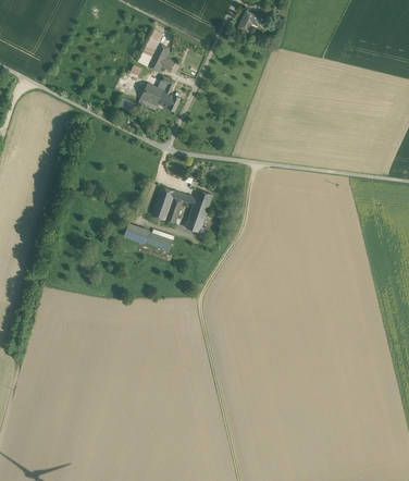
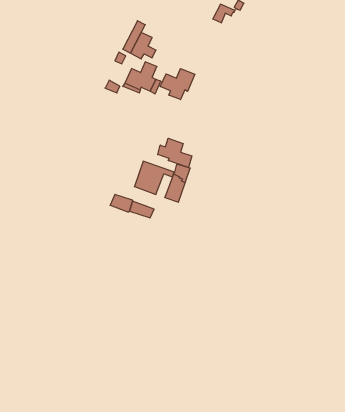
building: none -> [160,69,195,100]
building: none -> [158,138,192,168]

